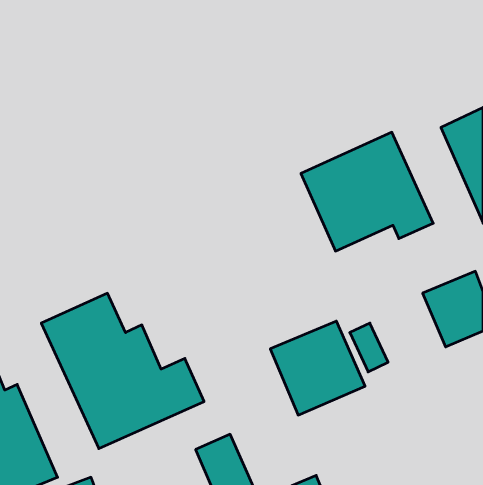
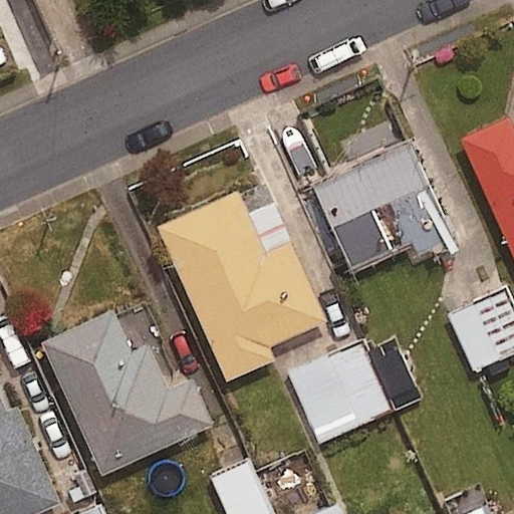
building: none -> [158,193,328,382]

